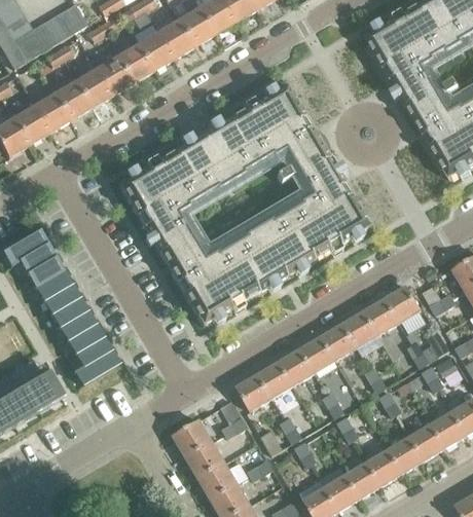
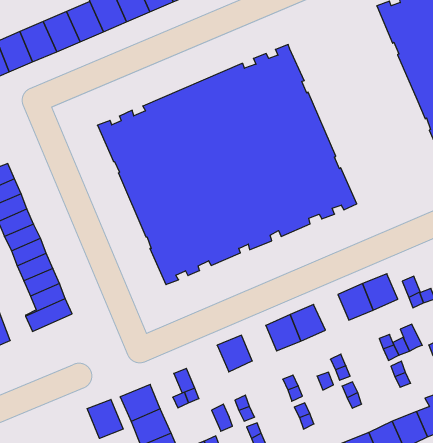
building: [342,311,377,346] -> none
building: [279,349,314,384] -> none
building: [235,374,271,410] -> none
building: none -> [87,399,123,438]

